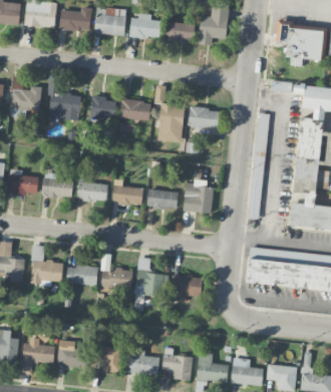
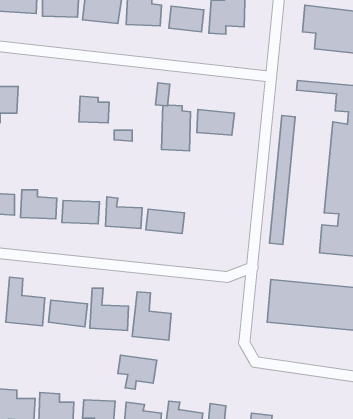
building: [47,77,80,120] -> none
building: [119,100,150,120] -> none
building: [183,180,213,214] -> none
building: [171,275,203,303] -> [118,355,157,389]

